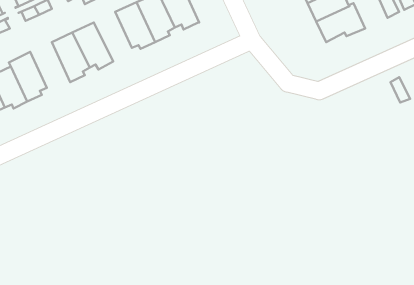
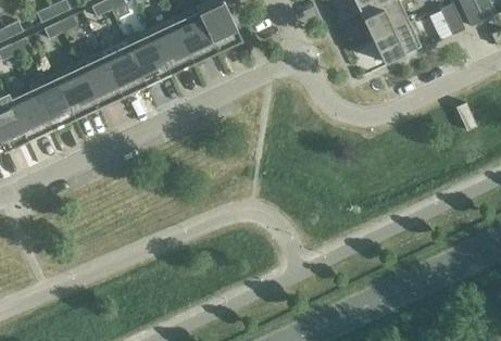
building: none -> [124,28,166,84]
building: none -> [53,62,98,114]

